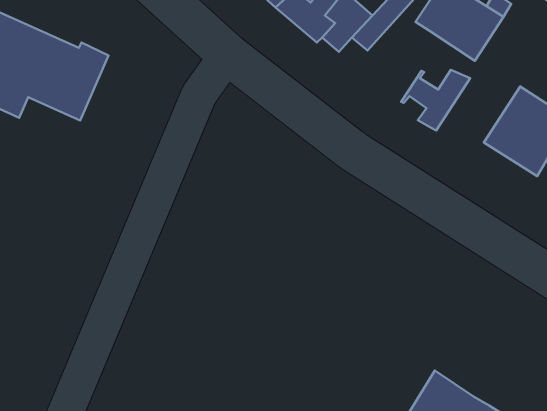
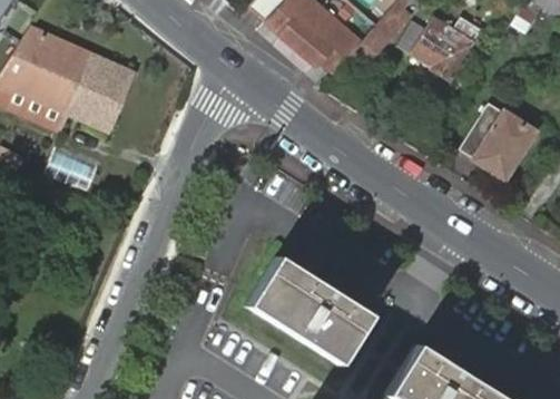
building: [401,70,470,130] -> none
building: none -> [247,257,370,364]

